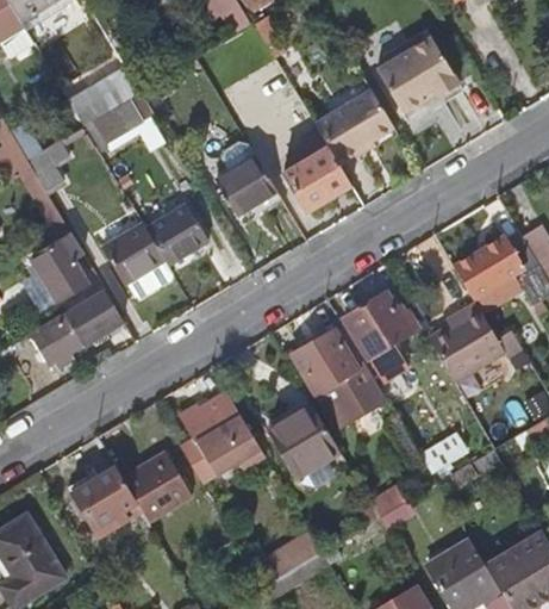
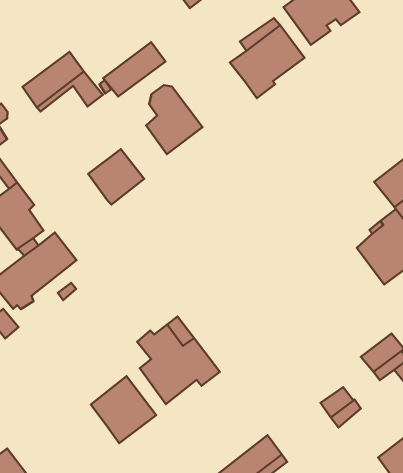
building: [71,72,141,126] -> [103,42,165,97]
building: [282,147,349,211] -> none
building: [101,224,164,284] -> none
building: [343,292,408,359] -> none
building: [292,325,385,430] -> none
building: [263,402,341,479] -> none
building: [70,466,138,529] -> none

